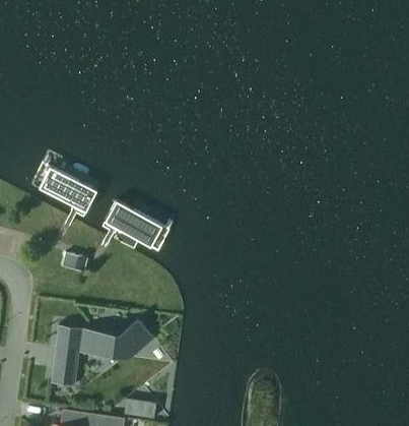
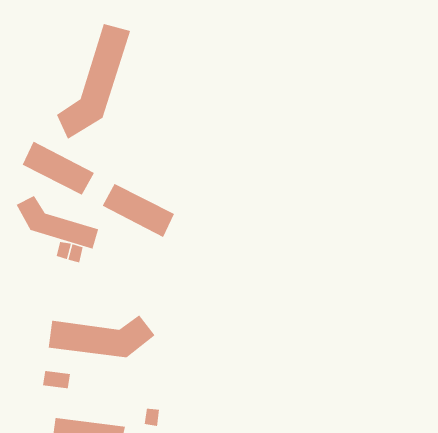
building: none -> [56,23,131,140]
building: none -> [16,195,99,250]

